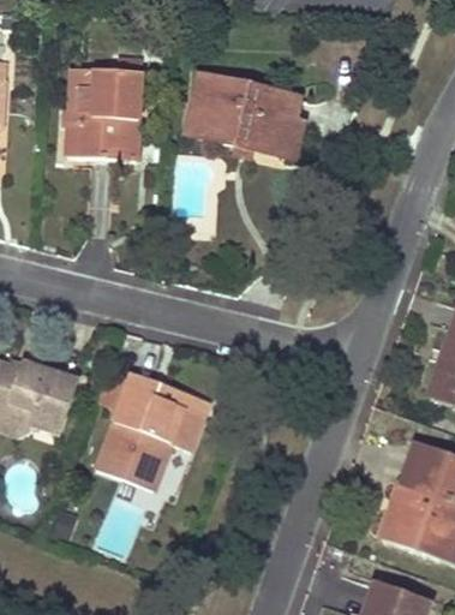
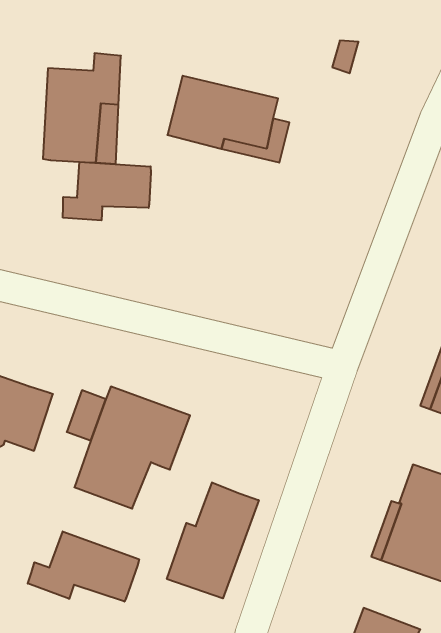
building: none -> [63,162,151,220]
building: none -> [167,482,259,598]
building: none -> [28,531,139,602]

